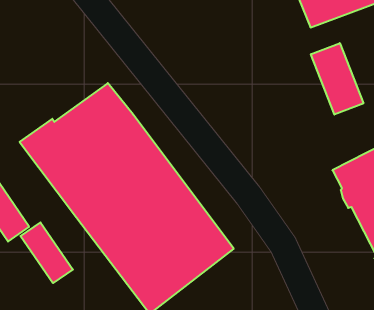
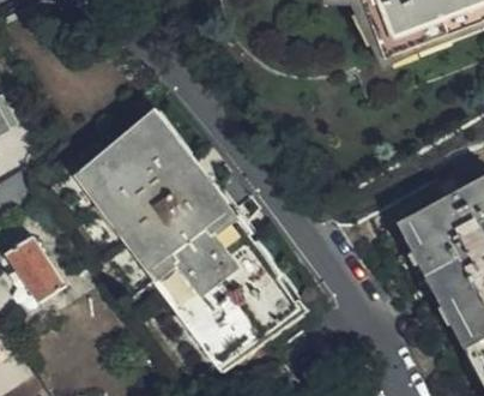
building: [311,43,363,115] -> none
building: [20,222,73,283] -> none

